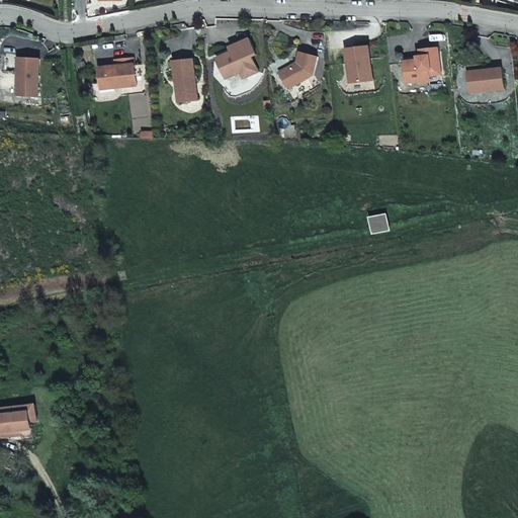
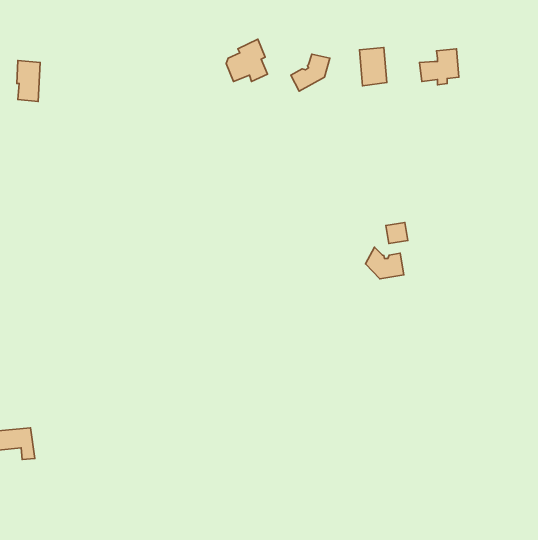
building: [171,59,194,101] -> none
building: [95,63,134,86] -> none
building: [466,67,503,92] -> none
building: none -> [366,247,404,279]

